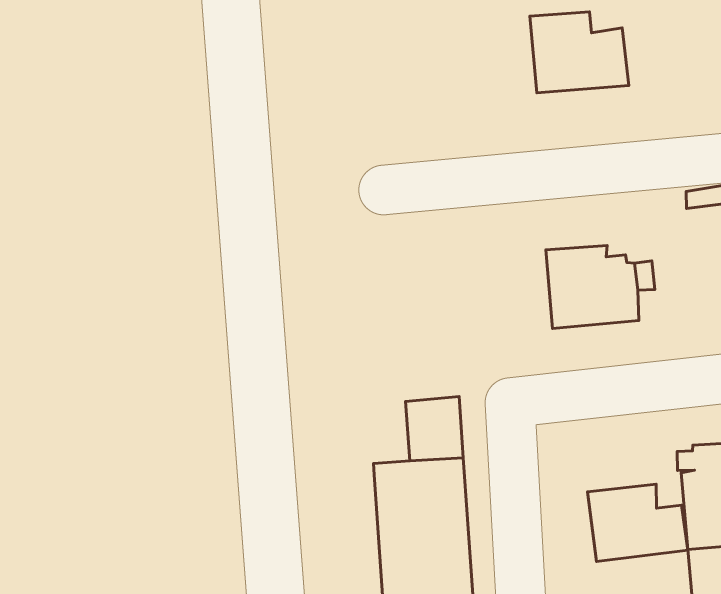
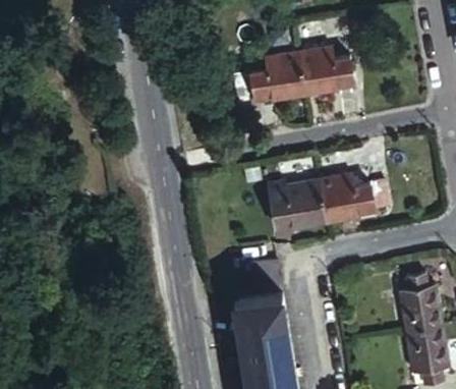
building: none -> [249,54,304,104]
building: none -> [266,178,324,228]
building: [588,484,688,562] -> none

